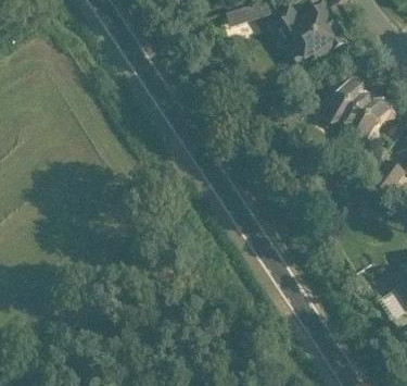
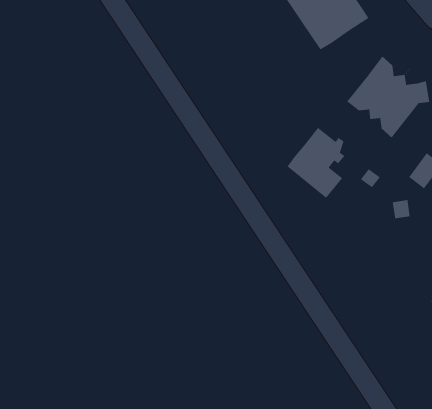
building: none -> [286,127,345,199]

